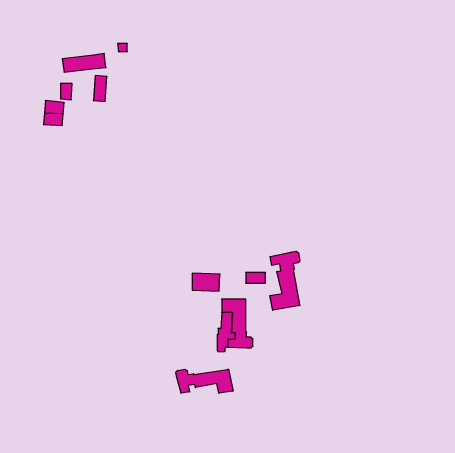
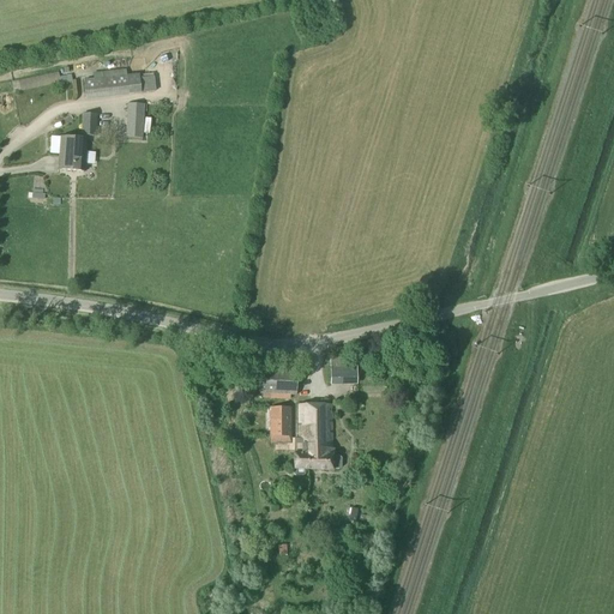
building: [270,251,300,310] -> none
building: none -> [271,405,290,441]
building: [176,369,233,393] -> none

